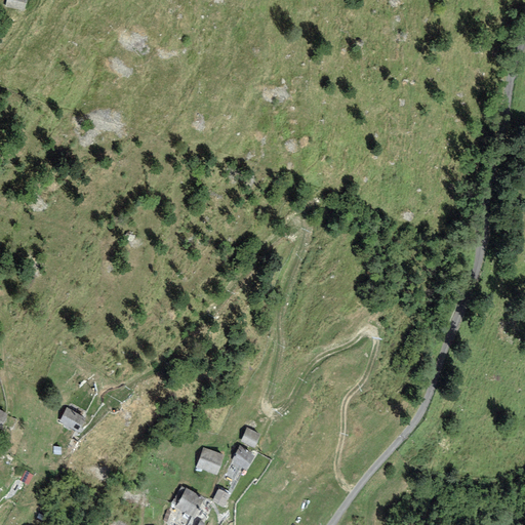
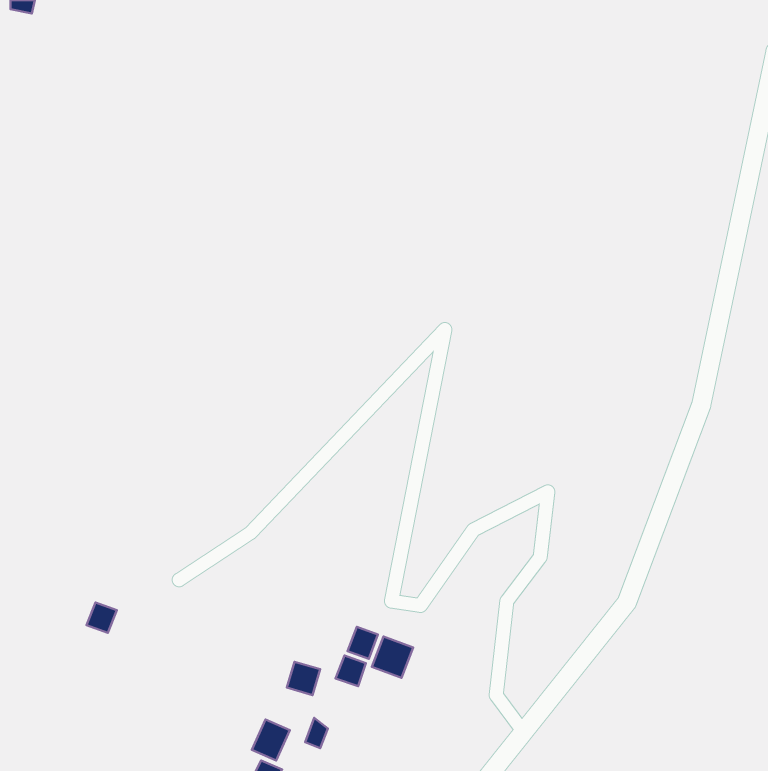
building: none -> [372,636,413,678]

